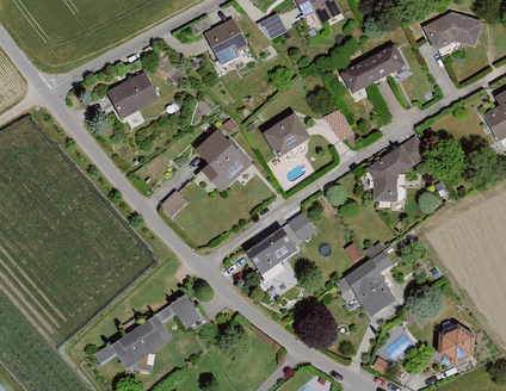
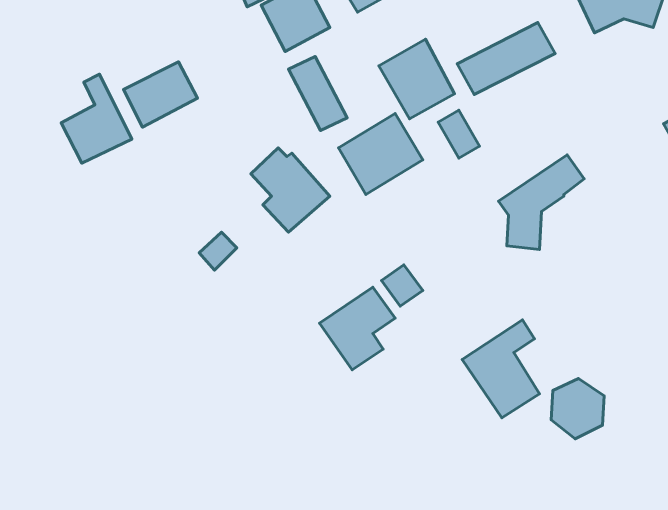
building: none -> [379,39,455,119]
building: none -> [289,56,347,131]
building: none -> [61,74,132,163]
building: [95,294,202,370] -> none
building: [438,324,475,366] -> [551,379,604,439]

